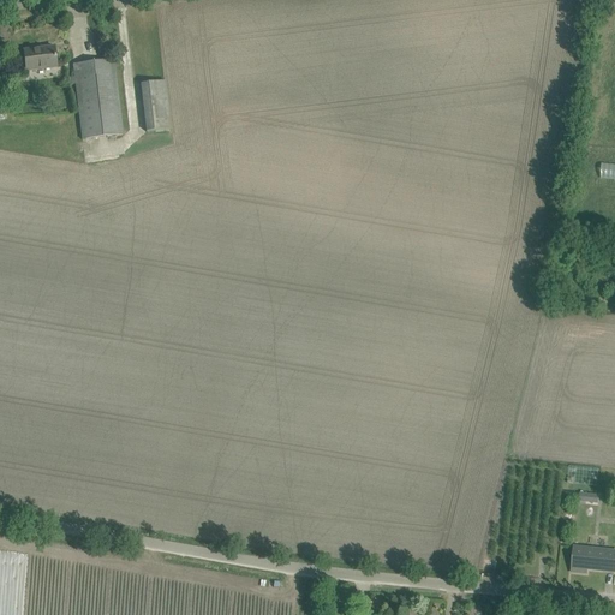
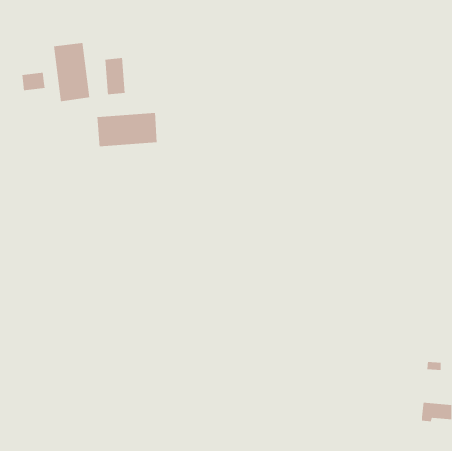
building: [24,44,56,70] -> [22,72,45,91]
building: none -> [97,112,157,147]

